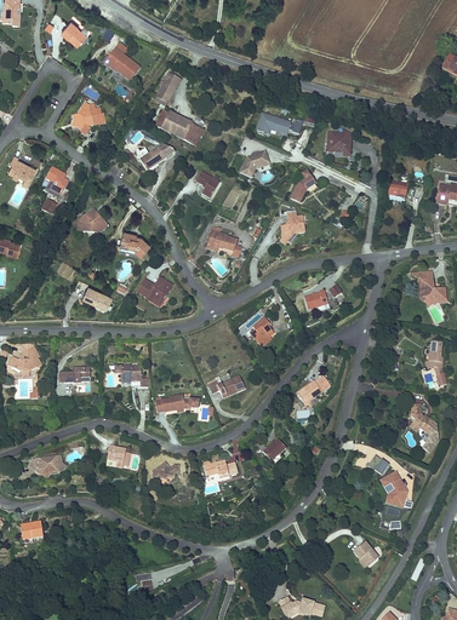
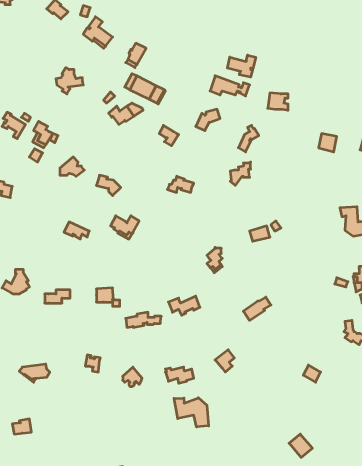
building: none -> [227,55,256,77]
building: [382,472,415,509] -> none
building: none -> [174,398,209,427]

